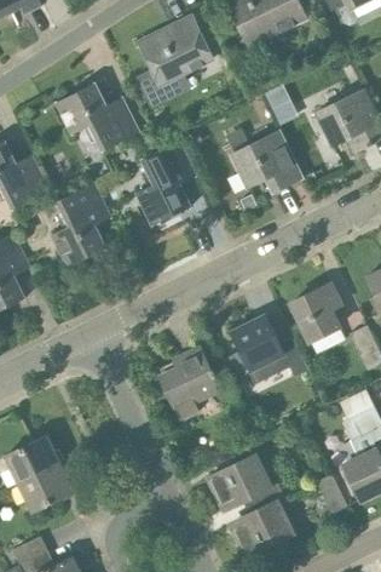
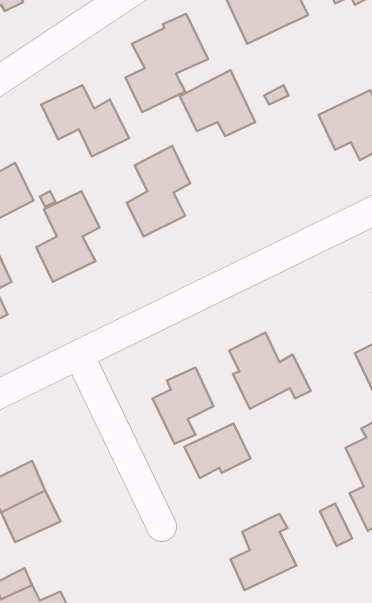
building: [231,131,301,193] -> [180,70,255,136]
building: [290,281,341,339] -> none
building: [208,456,270,507] -> [184,424,250,478]

